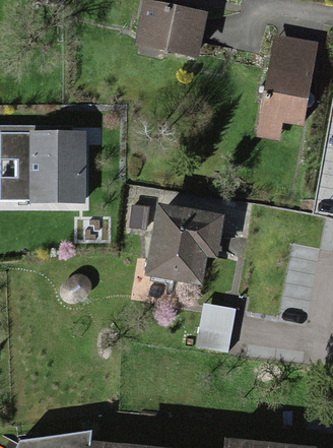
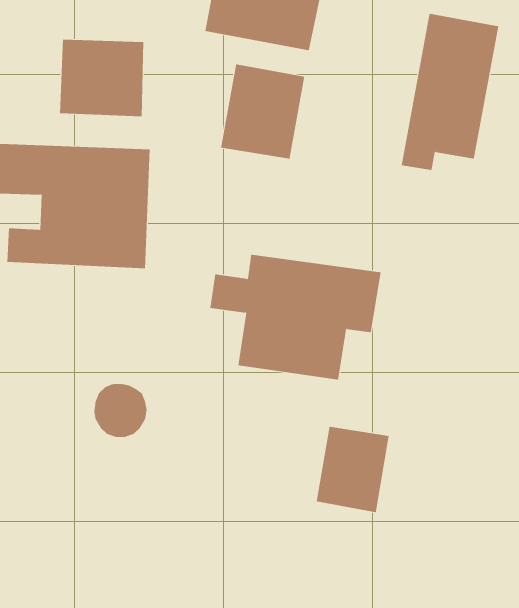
building: none -> [60,39,144,117]
building: none -> [220,63,305,160]

